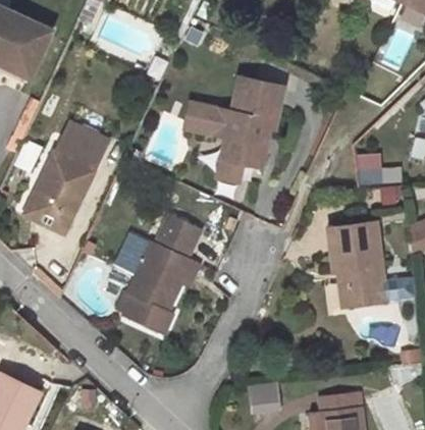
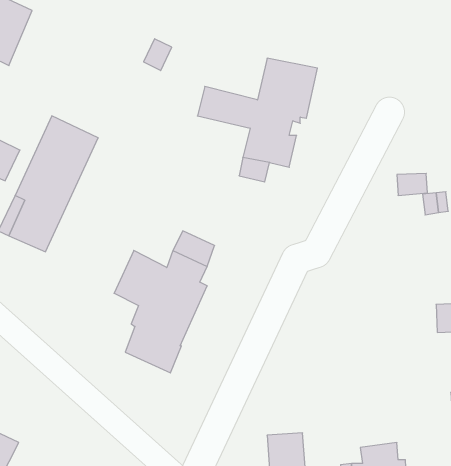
building: [322,223,378,305] -> none

